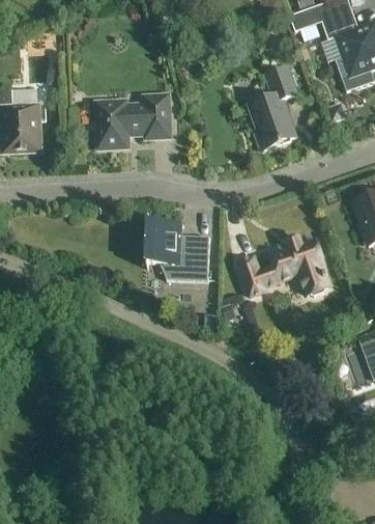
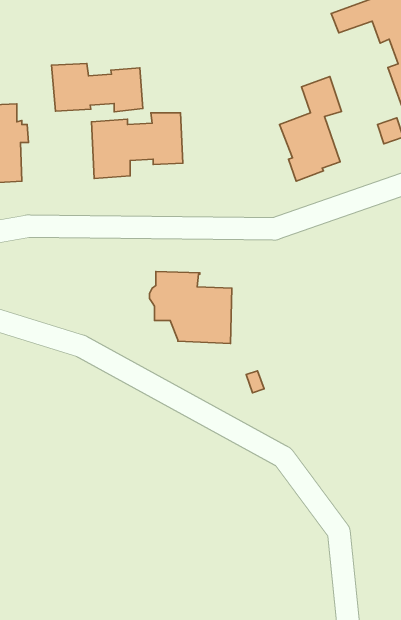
building: none -> [52,63,143,112]
building: [237,237,328,296] -> none

